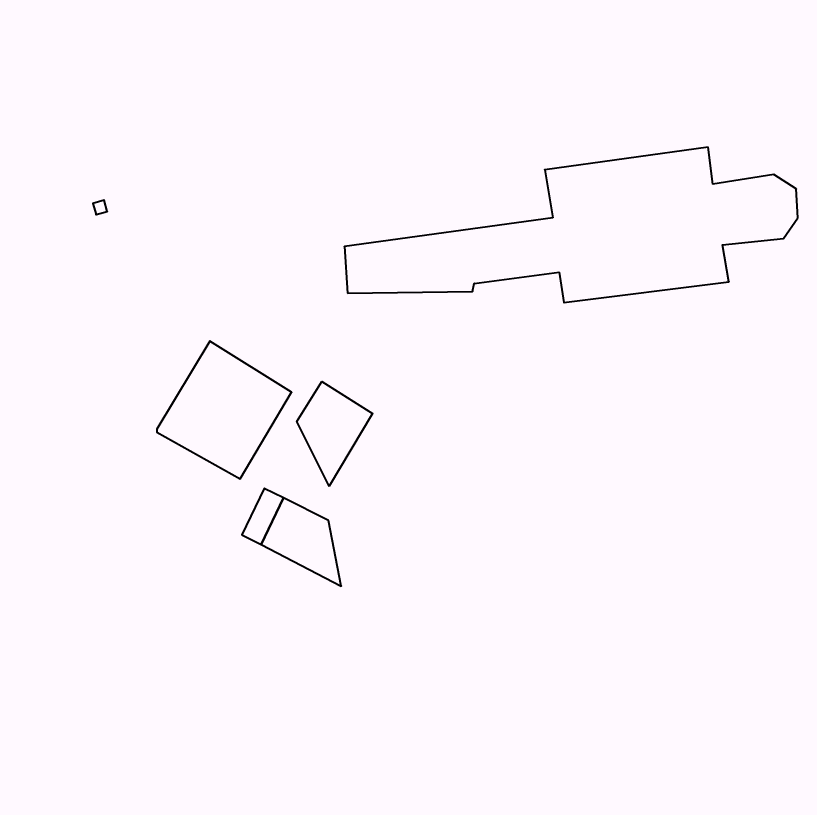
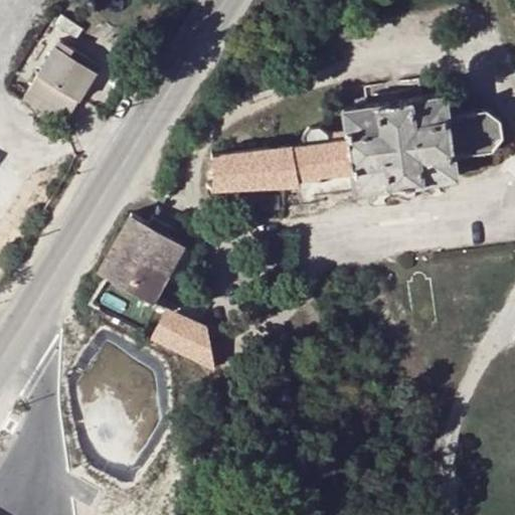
building: none -> [24,49,96,125]
building: [297,382,373,486] -> none

